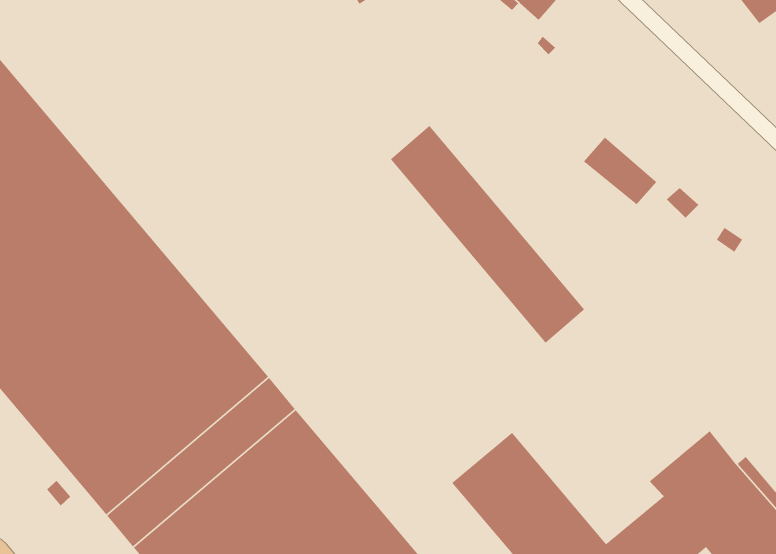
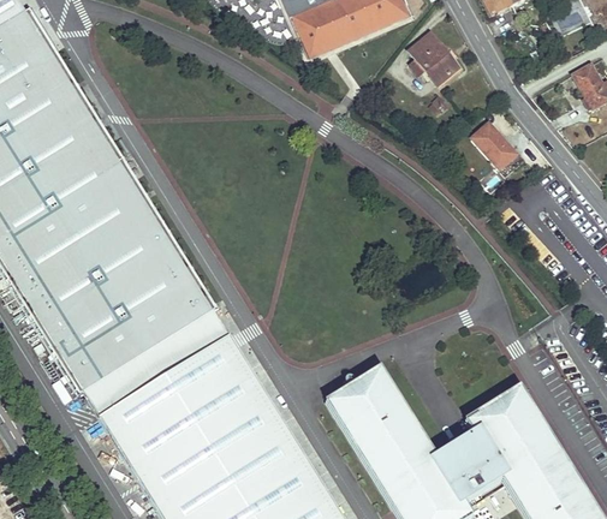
building: [390,125,585,344] -> none
building: [583,136,657,205] -> [471,123,522,174]

